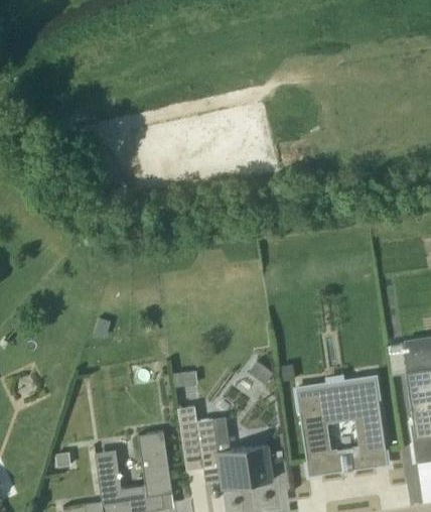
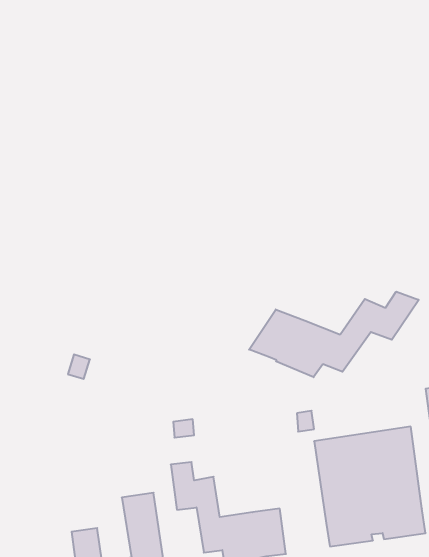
building: none -> [249,292,419,377]

